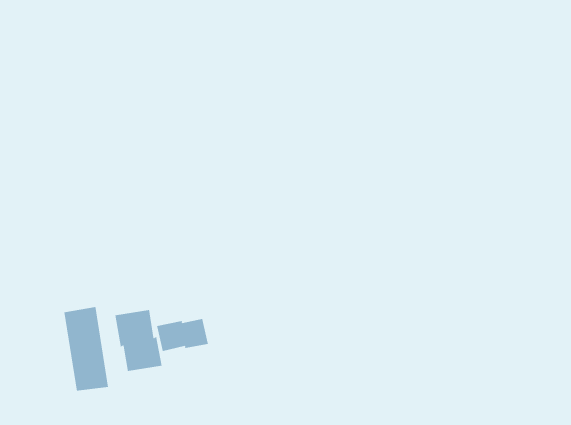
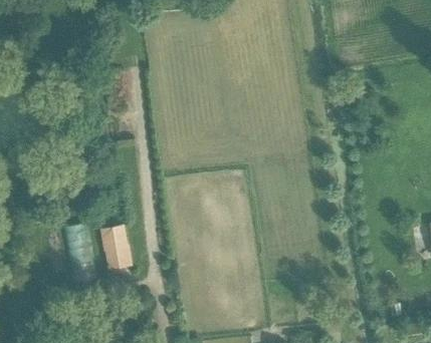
building: [157,318,208,352] -> none

